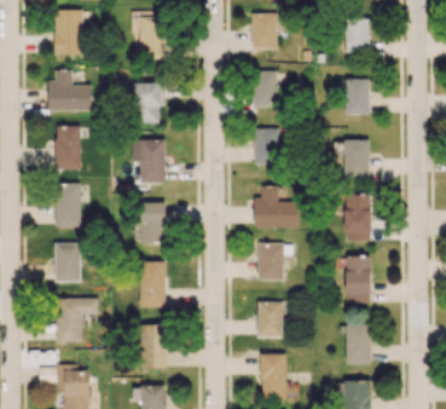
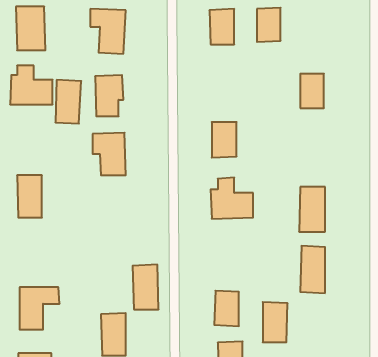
building: [344,19,369,54] -> [257,8,281,42]
building: [253,70,277,106] -> none
building: [54,125,81,169] -> [55,80,81,124]
building: [343,139,369,177] -> none
building: [135,202,166,243] -> none
building: [54,243,80,282] -> none
building: [257,243,292,281] -> none
building: [139,260,166,306] -> [133,265,159,309]
building: [346,323,371,364] -> [263,302,288,342]

